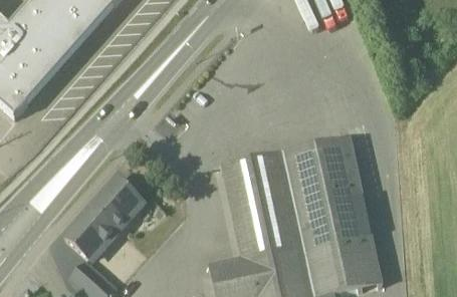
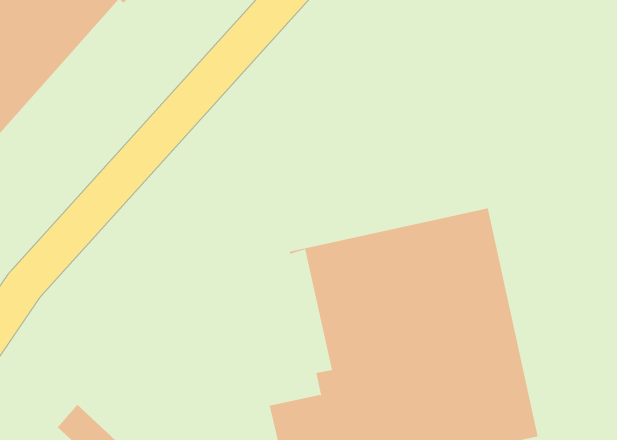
building: [63,176,143,258] -> none

